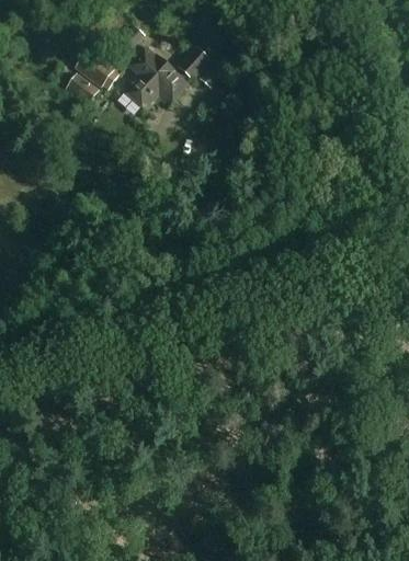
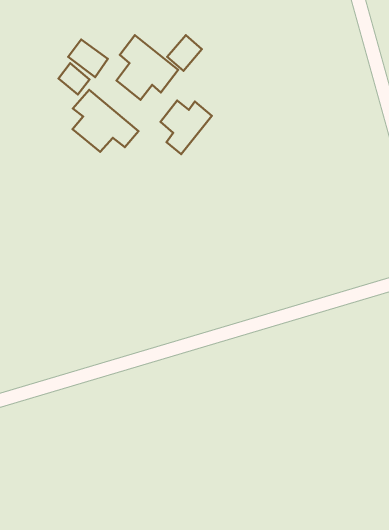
building: none -> [73,90,139,152]
building: none -> [161,100,212,154]

